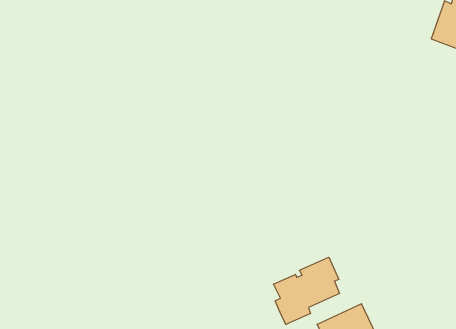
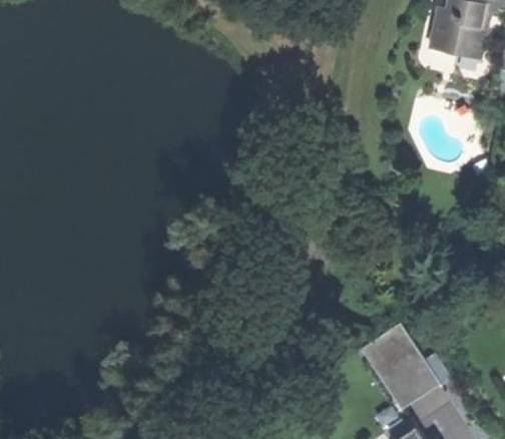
building: [273,257,339,325] -> none

